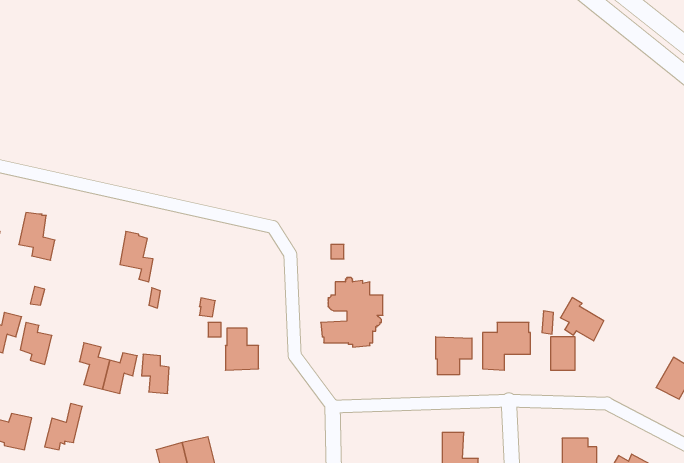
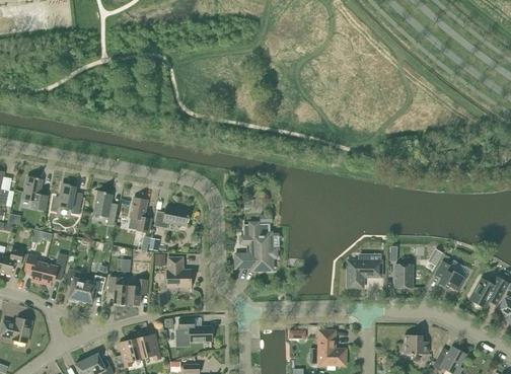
building: none -> [54,182,83,214]
building: none -> [129,197,151,232]
building: none -> [154,206,189,228]
building: [560,298,604,341] -> [435,260,465,291]
building: [436,337,472,375] -> none
building: none -> [127,278,148,304]
building: [45,404,82,450] -> [41,252,67,285]
building: none -> [178,317,212,342]

